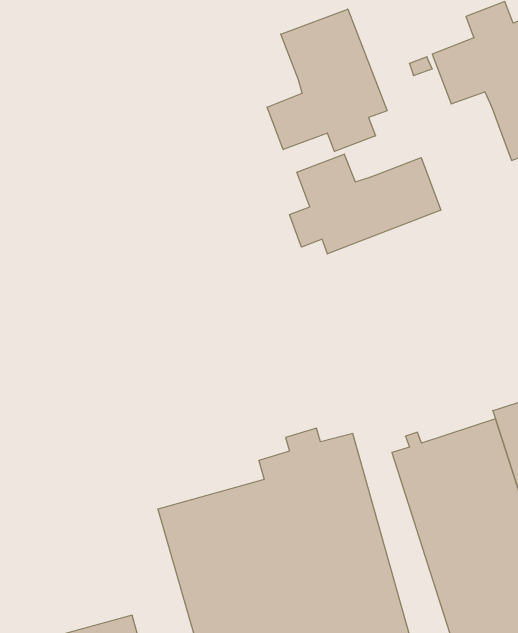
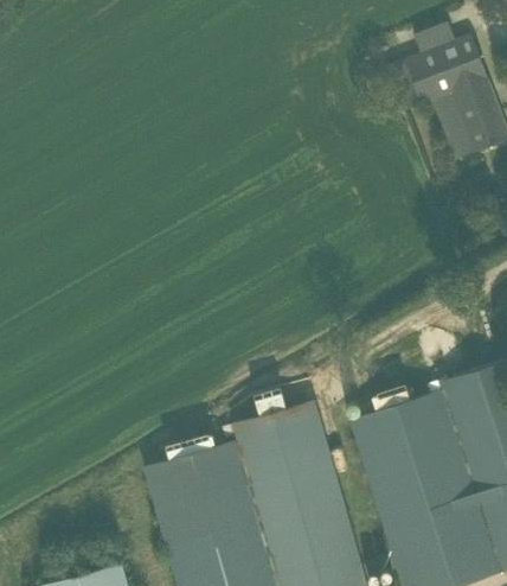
building: [267,9,387,151] -> none
building: [289,154,441,254] -> none

